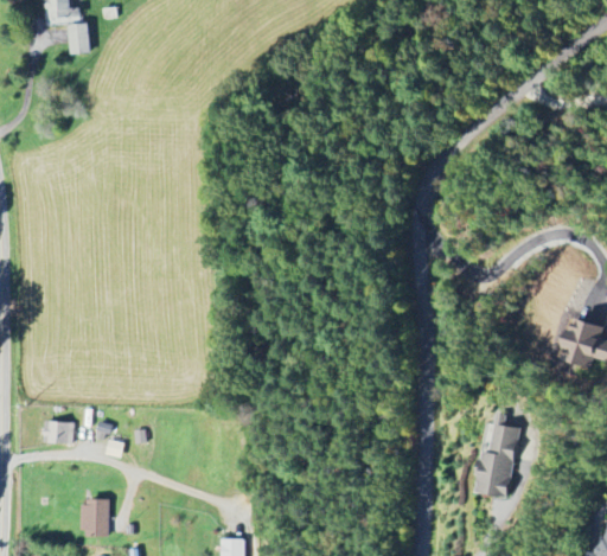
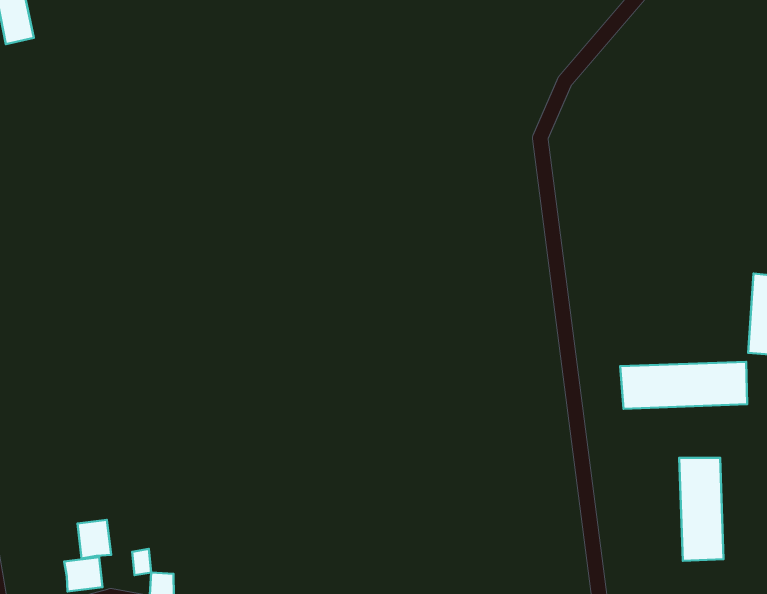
building: none -> [620,362,747,409]
building: none -> [77,520,111,559]

